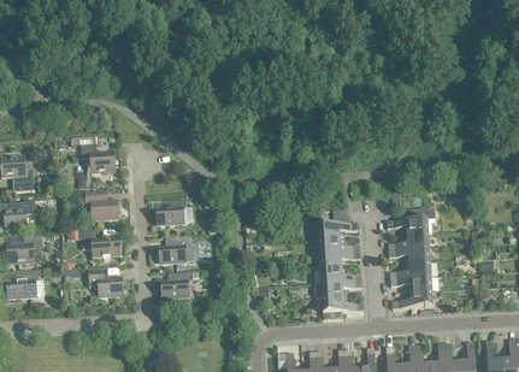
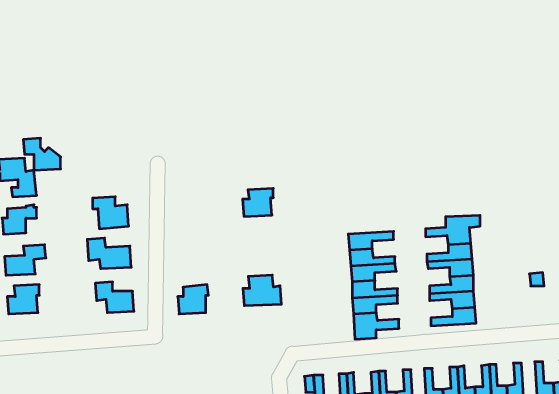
building: [81,142,114,171] -> [23,138,61,170]
building: [158,197,185,223] -> [243,188,273,216]
building: [160,234,195,261] -> [243,275,281,306]

